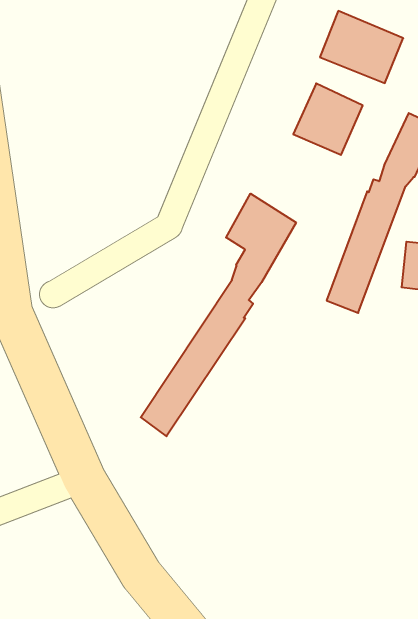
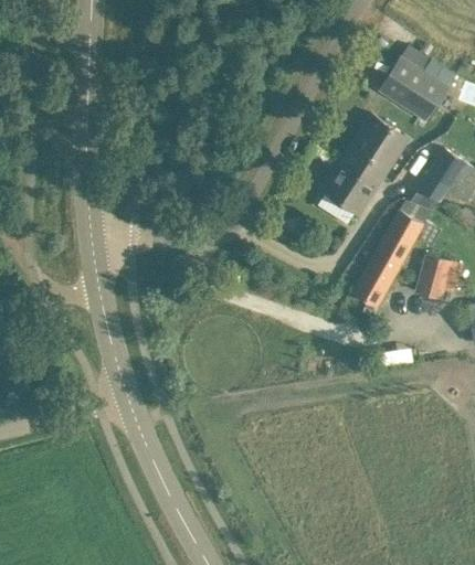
building: none -> [323,151,383,212]
building: [141,194,296,436] -> none

